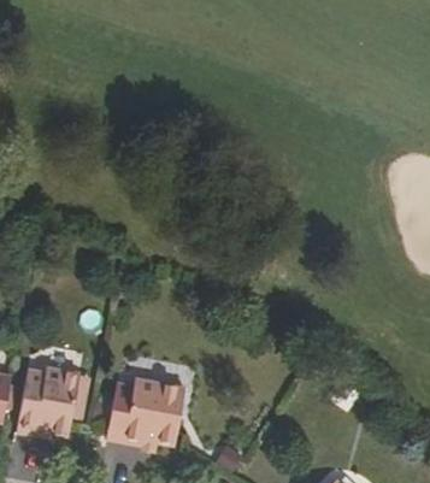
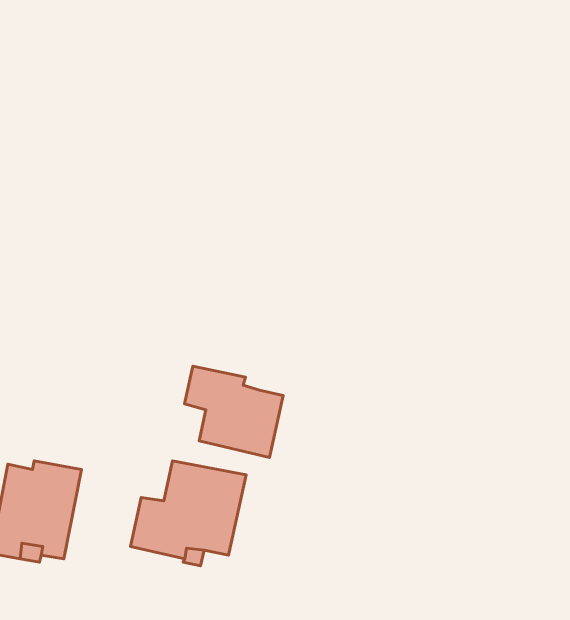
building: none -> [184,366,283,458]

